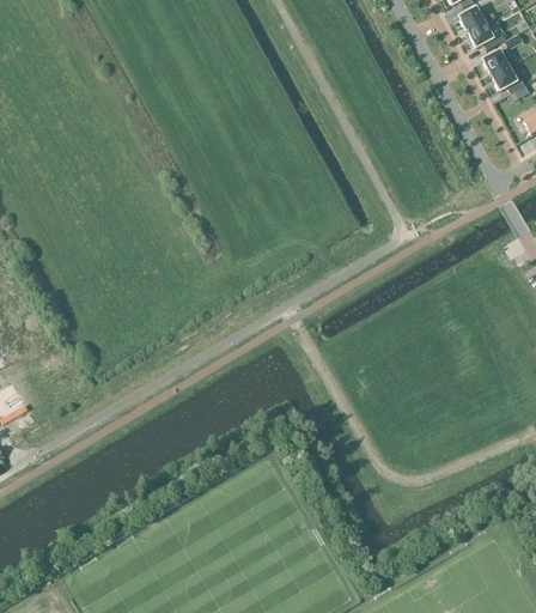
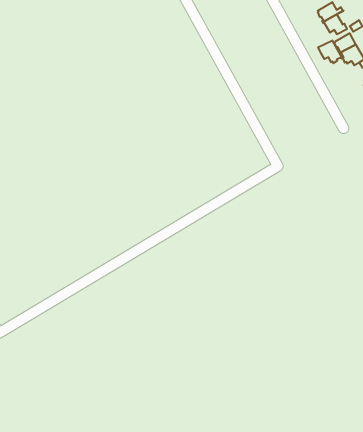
building: none -> [318,40,342,63]

